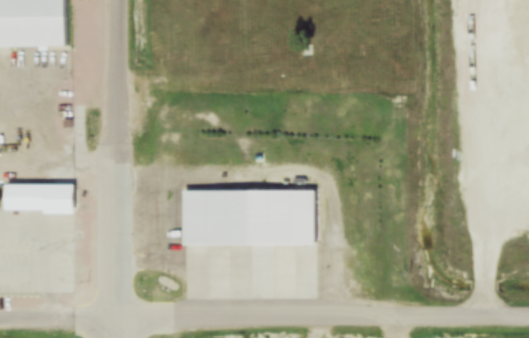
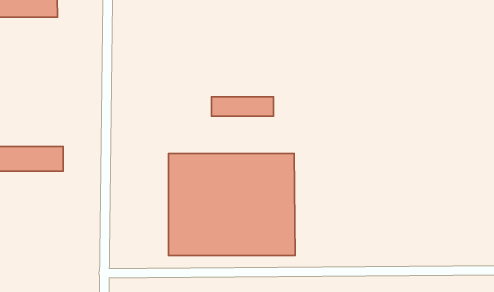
building: none -> [212,97,274,116]

